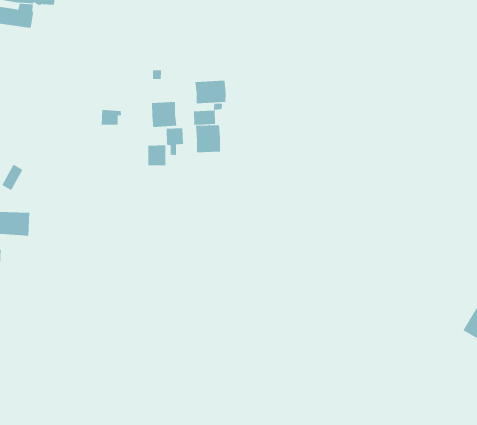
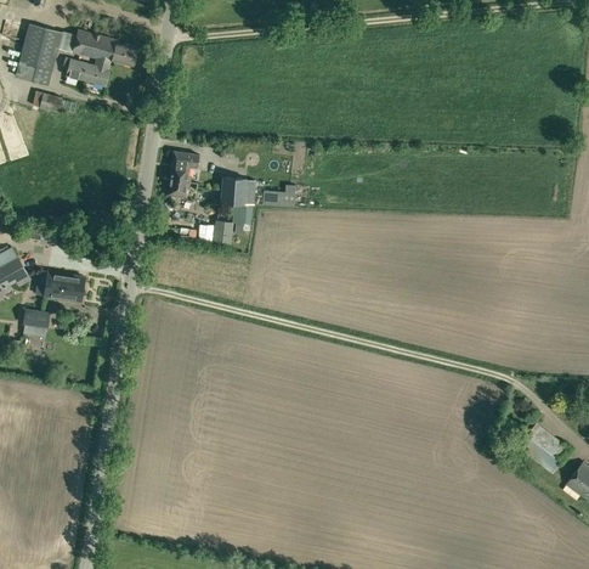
building: [195,80,226,104] -> none
building: none -> [169,151,199,182]
building: [195,124,221,153] -> none

